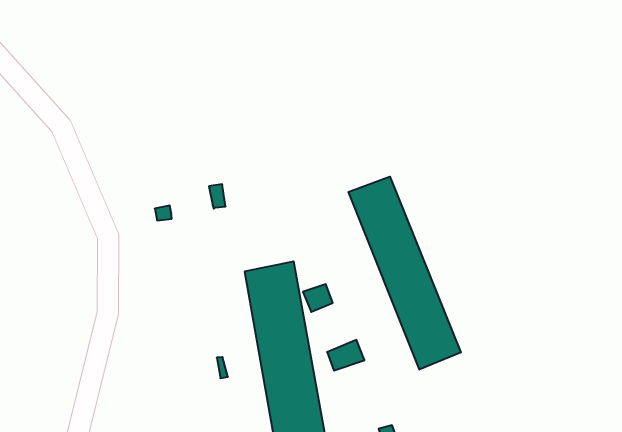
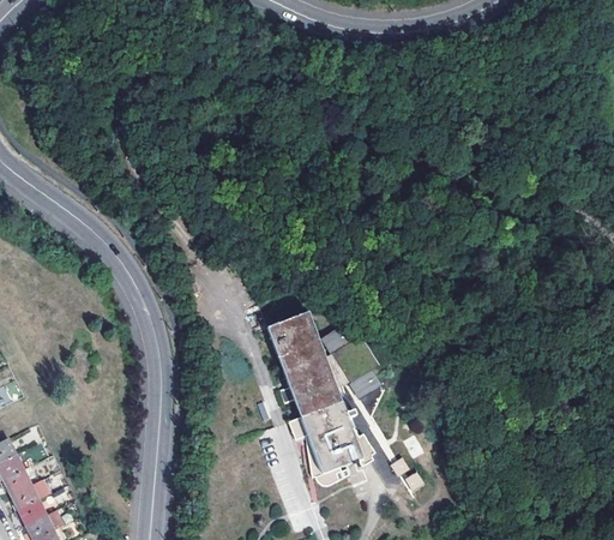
building: [348,177,461,370] -> none

